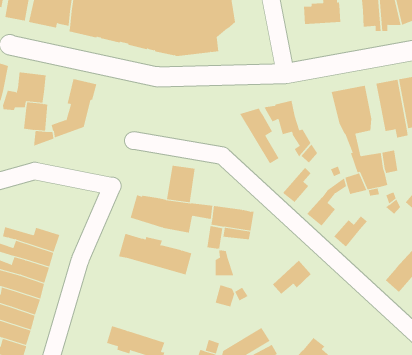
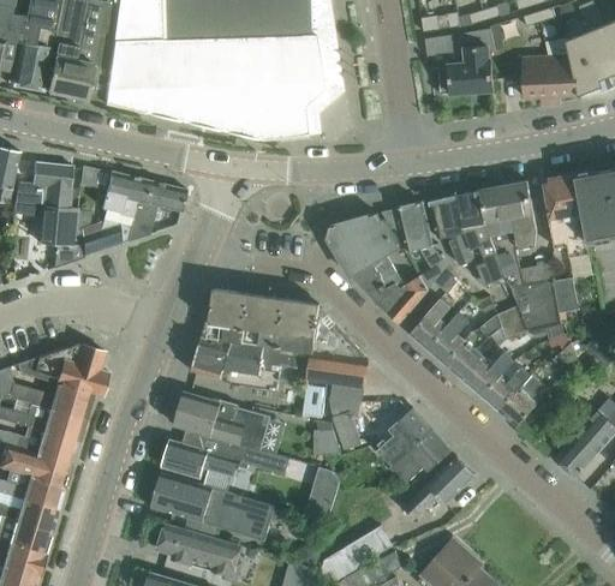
building: none -> [126,179,186,240]
building: none -> [429,190,508,285]
building: none -> [327,221,429,323]
building: none -> [201,288,251,343]
building: none -> [277,299,364,360]
building: none -> [426,312,468,364]
building: none -> [17,342,108,396]
building: none -> [465,352,514,396]
building: none -> [500,381,549,426]
building: none -> [327,397,362,450]
building: none -> [375,408,432,465]
building: none -> [162,427,291,477]
building: none -> [402,455,474,519]
building: none -> [150,472,276,540]

